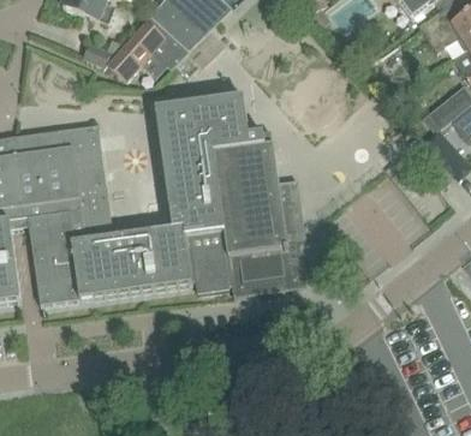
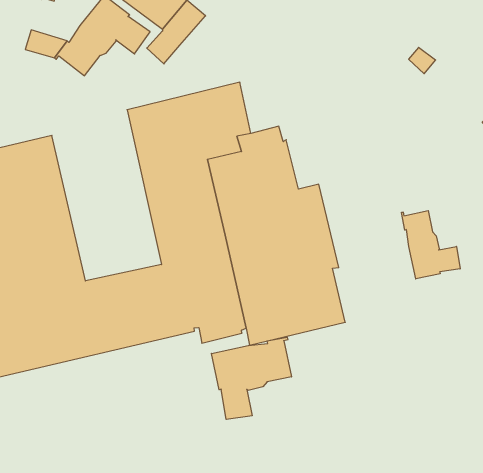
building: none -> [401,211,460,279]
building: none -> [211,337,291,419]

